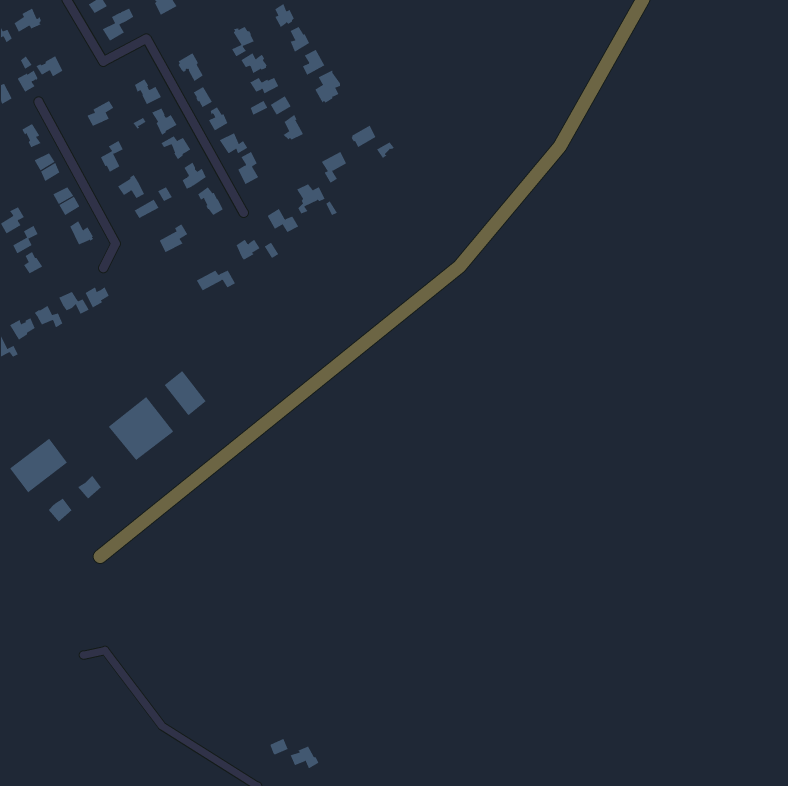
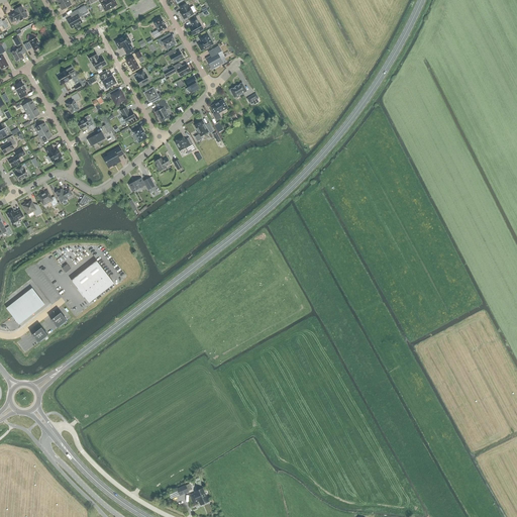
building: [164,370,207,416] -> none

